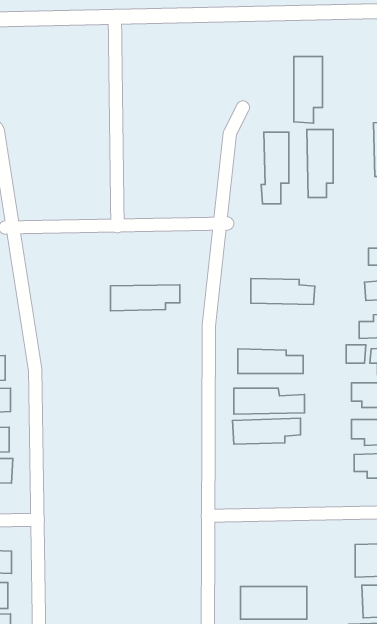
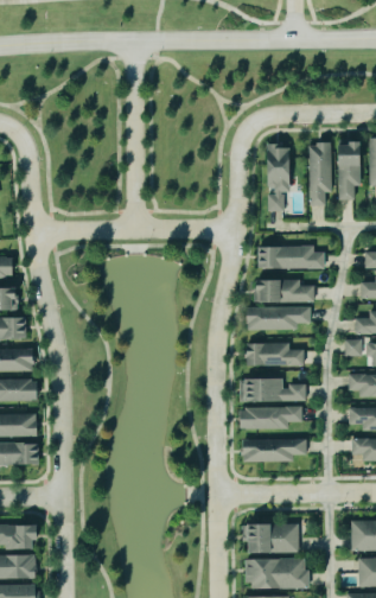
building: [294,56,323,123] -> [337,140,363,201]
building: none -> [259,246,325,268]
building: [111,285,180,311] -> [248,306,311,330]
building: none -> [243,439,307,463]
building: none -> [251,523,300,553]

